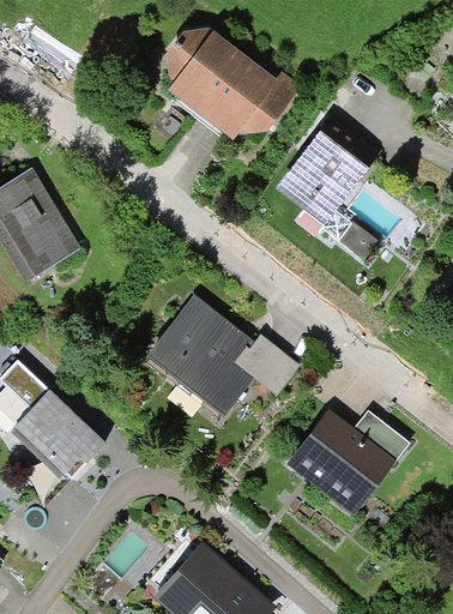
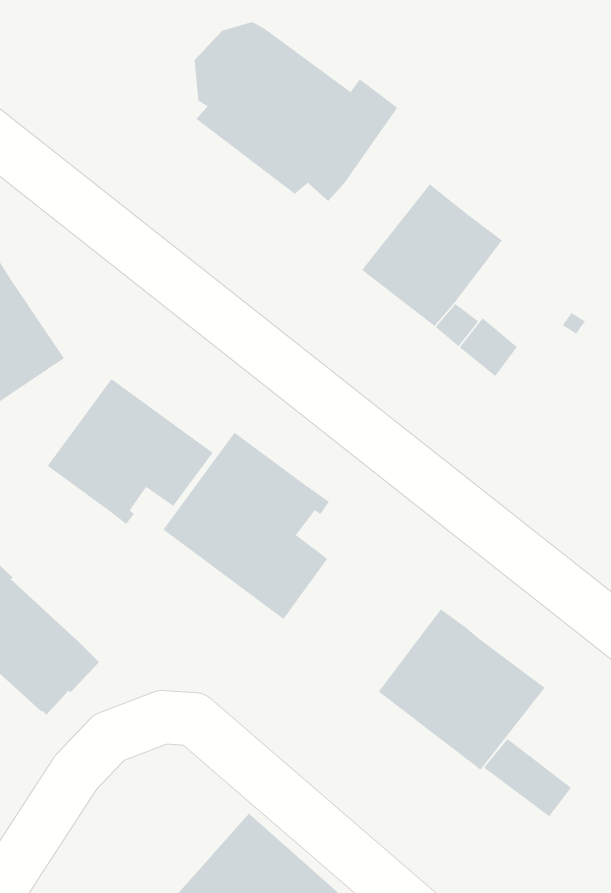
building: none -> [47,378,214,525]
building: [234,335,300,395] -> none
building: [352,410,410,462] -> [483,738,572,817]

